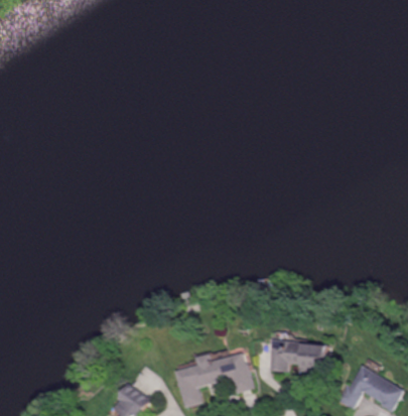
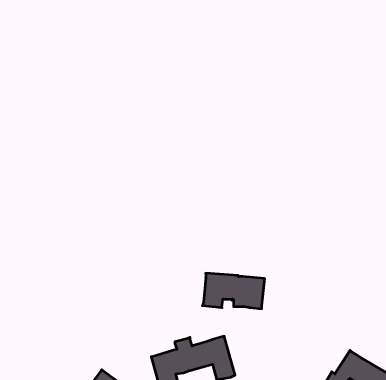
building: [268,339,326,373] -> [202,273,265,309]

